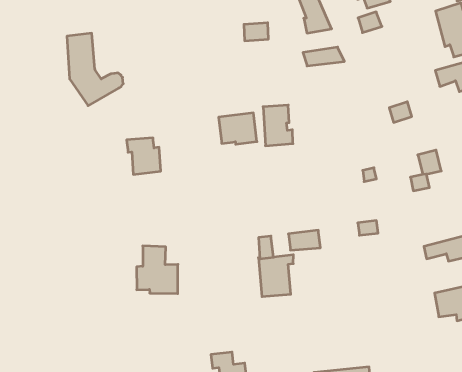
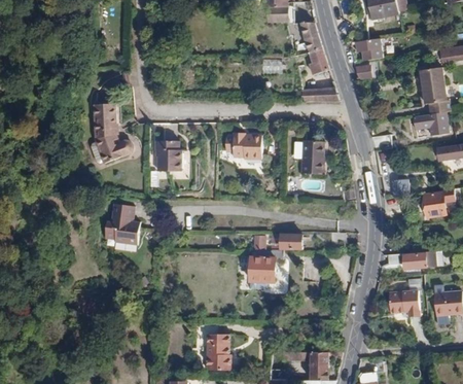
building: [67,33,123,106] -> [93,105,136,164]
building: [263,105,293,146] -> [300,139,324,172]
building: [137,246,178,294] -> [103,202,139,244]

